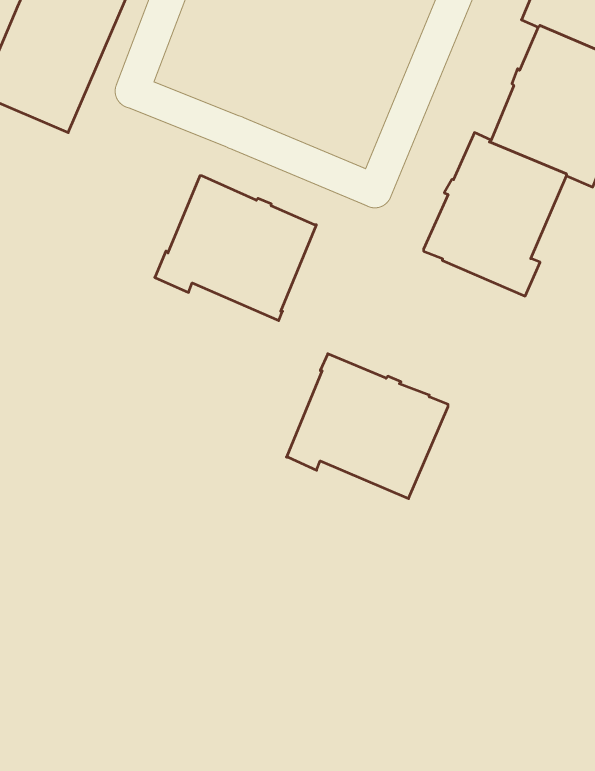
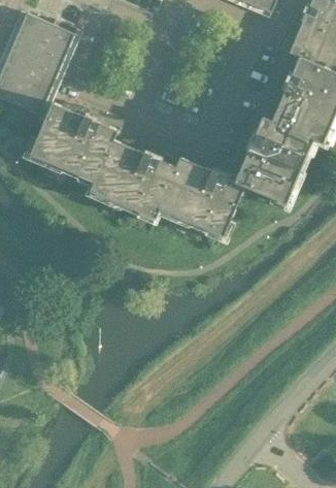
building: none -> [28,102,117,182]
building: [286,354,448,499] -> [157,157,245,236]

